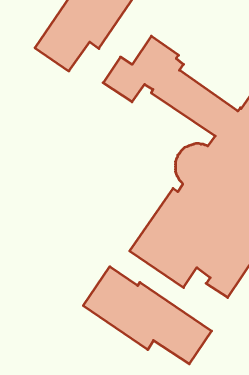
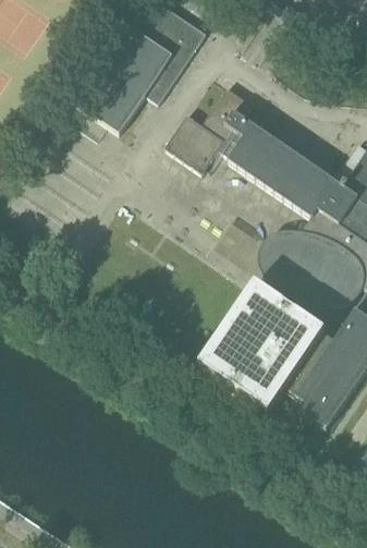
building: [83,267,212,364] -> none

